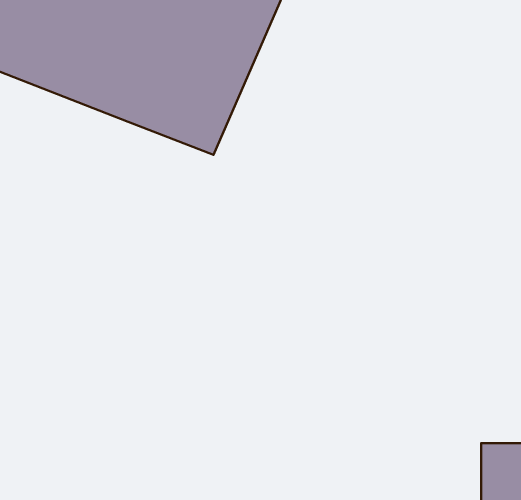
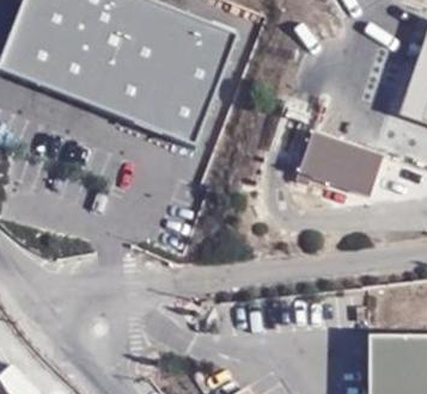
building: none -> [295,122,383,190]

